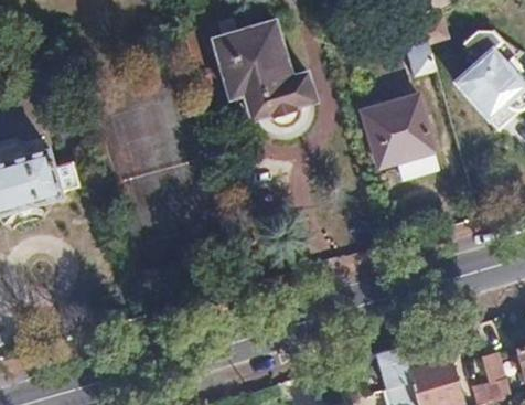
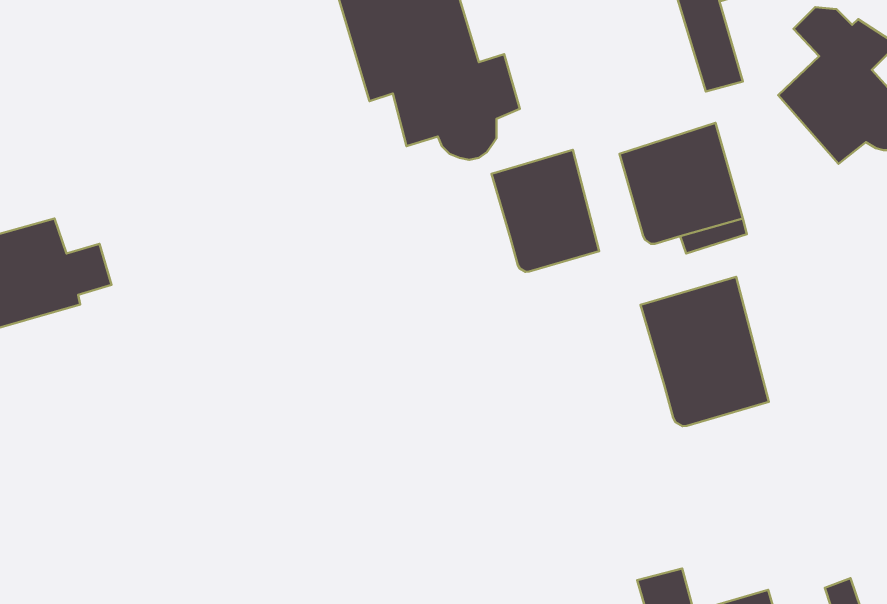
building: none -> [491,150,599,272]
building: none -> [641,277,769,426]

